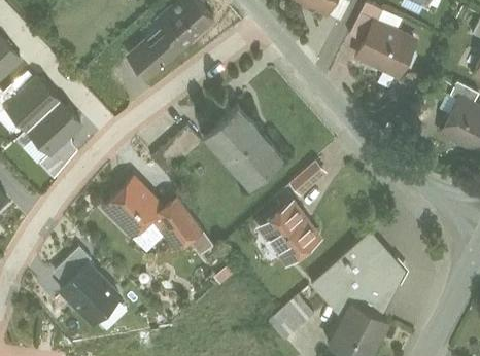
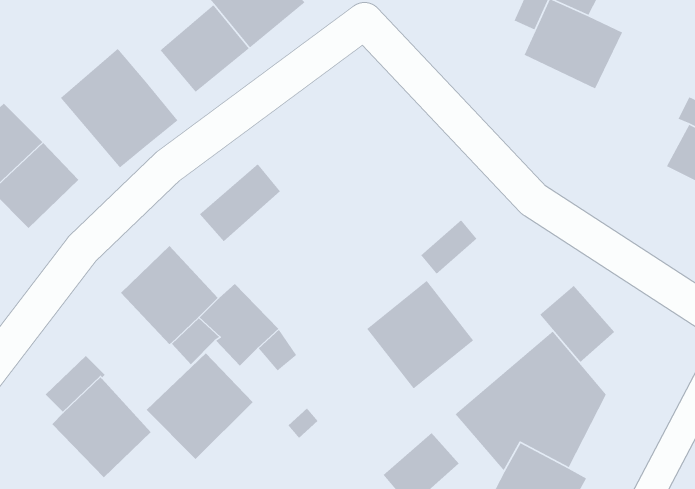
building: none -> [60,48,178,169]
building: [206,104,286,187] -> none
building: none -> [539,285,615,363]
building: none -> [146,352,254,460]

